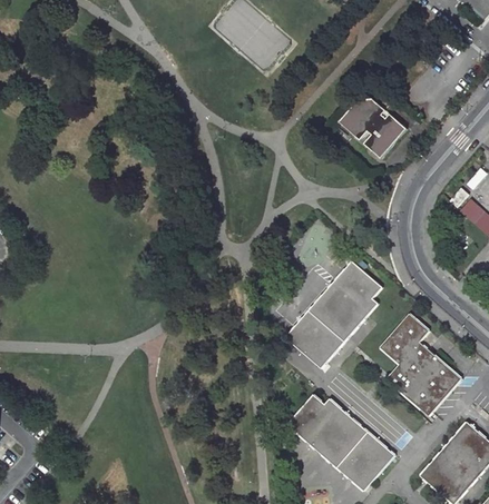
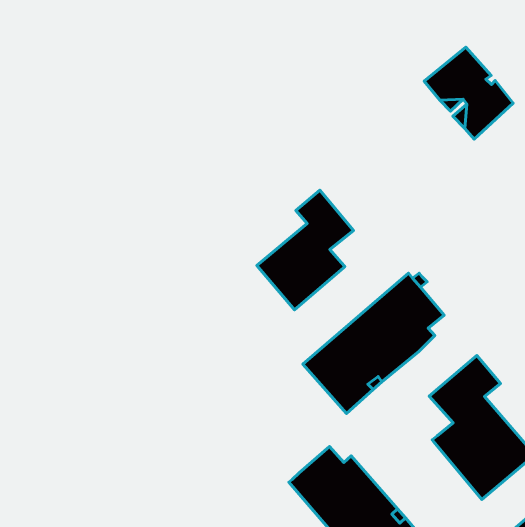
building: none -> [257,190,354,310]

